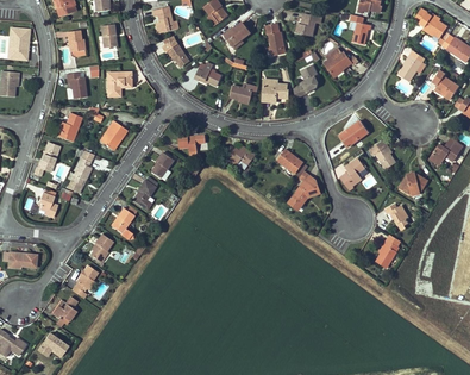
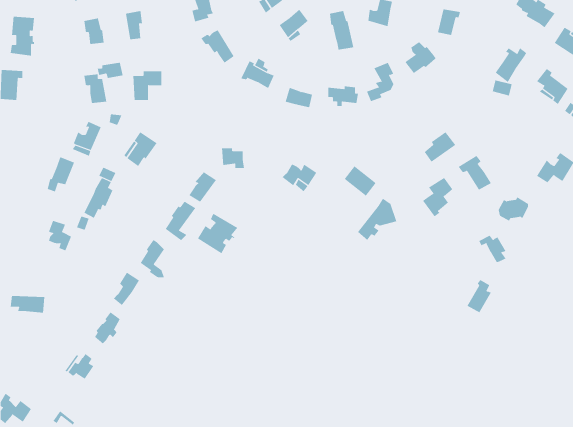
building: none -> [197,213,238,254]

